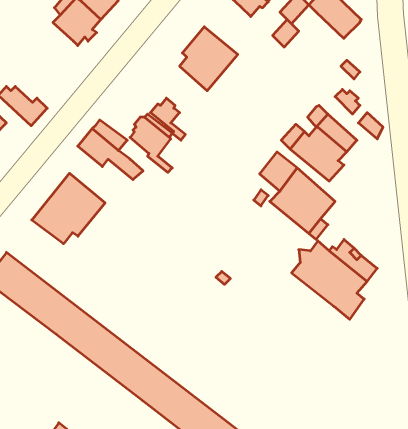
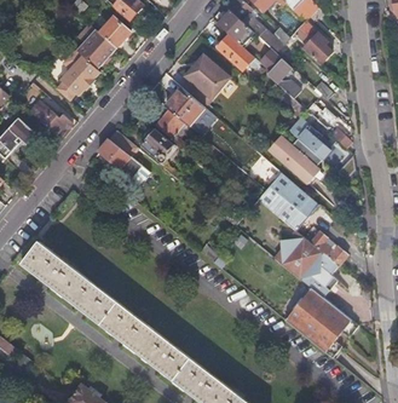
building: none -> [220,36,254,69]
building: none -> [54,47,99,100]
building: none -> [266,57,299,97]
building: none -> [165,86,204,125]
building: [32,173,105,244] -> none
building: none -> [284,286,358,357]

